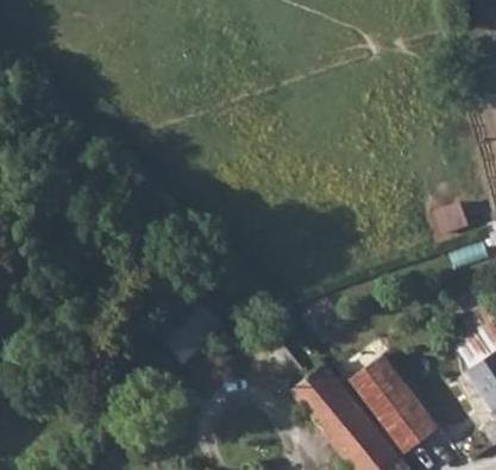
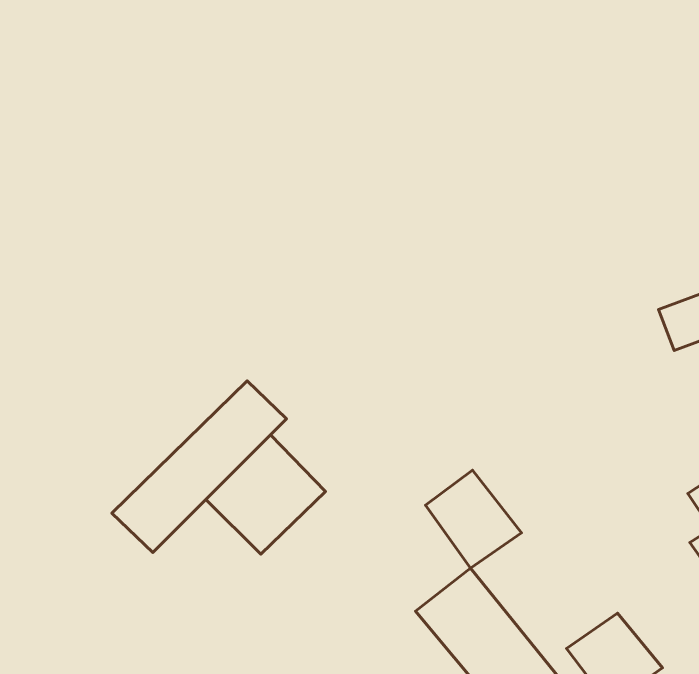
building: none -> [112,381,287,553]
building: [354,357,413,416] -> [425,470,521,568]

